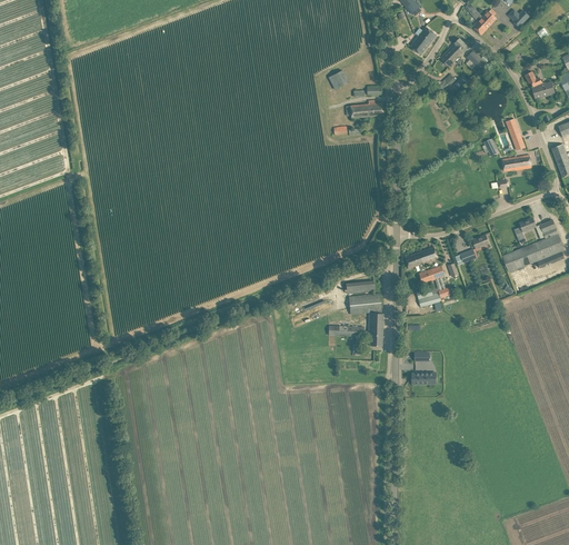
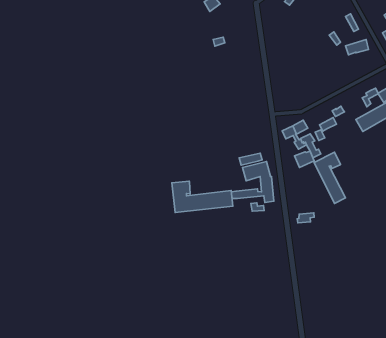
building: [347,99,385,117] -> none
building: none -> [314,152,345,203]
building: none -> [172,181,233,212]

